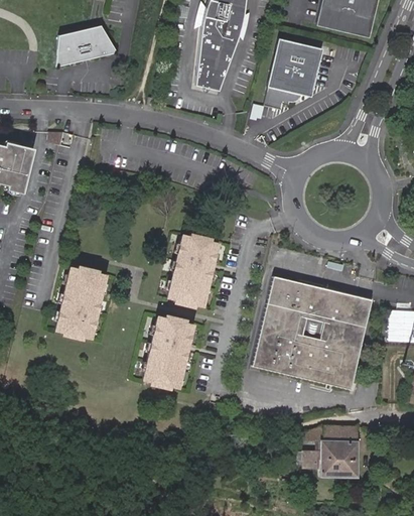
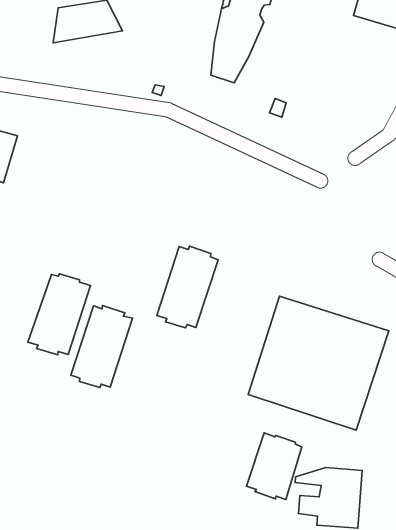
building: [265,36,320,105] -> none
building: [142,318,192,391] -> [71,306,132,388]
building: none -> [247,433,302,500]

